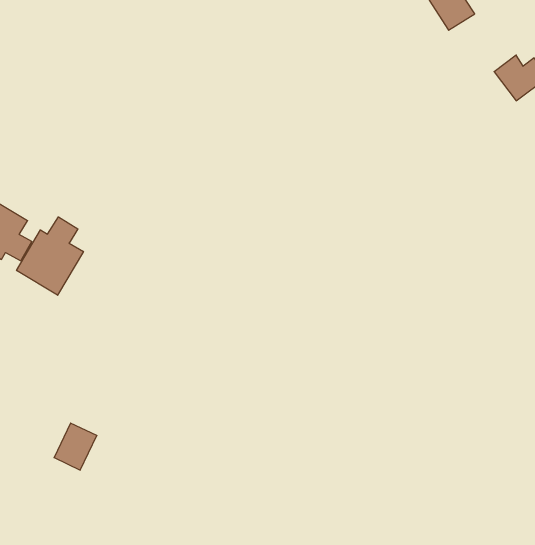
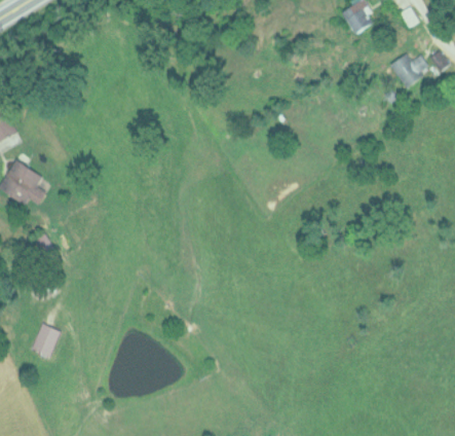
building: [17,217,83,295] -> none
building: [54,423,97,470] -> [29,323,61,358]

